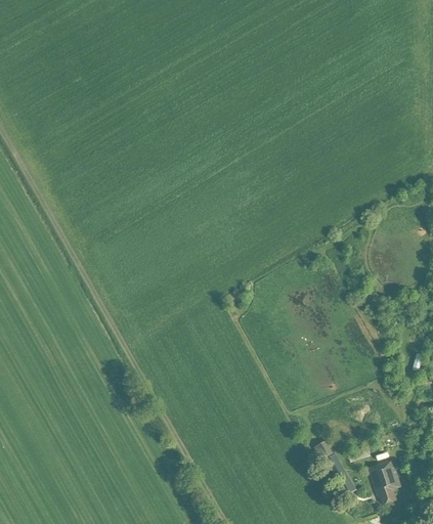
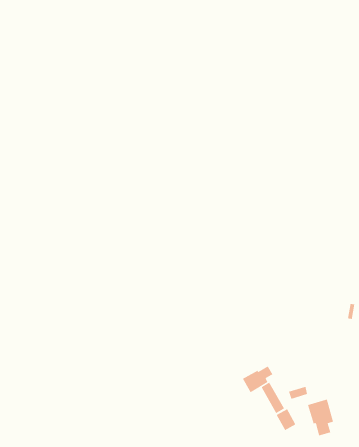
building: none -> [242,366,273,393]

